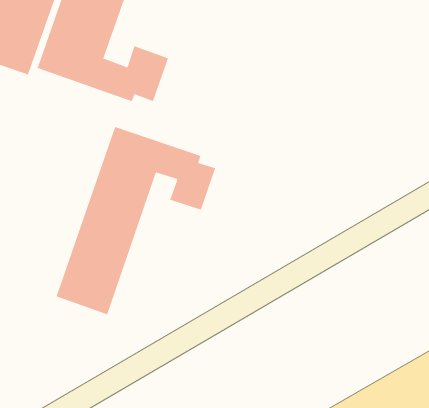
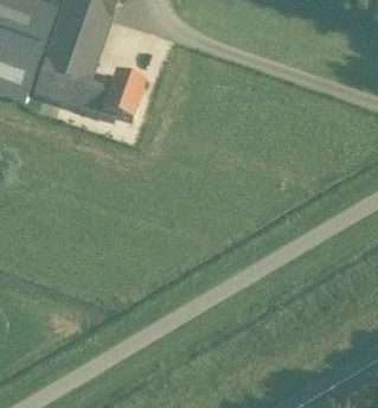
building: [56,126,216,315] -> none

